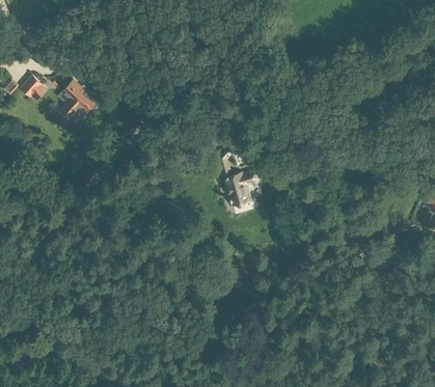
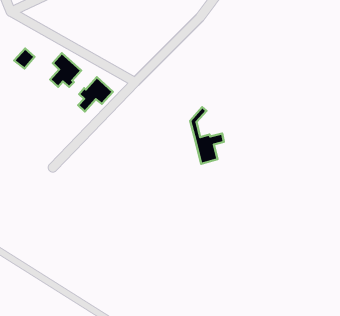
building: none -> [78,77,113,111]

